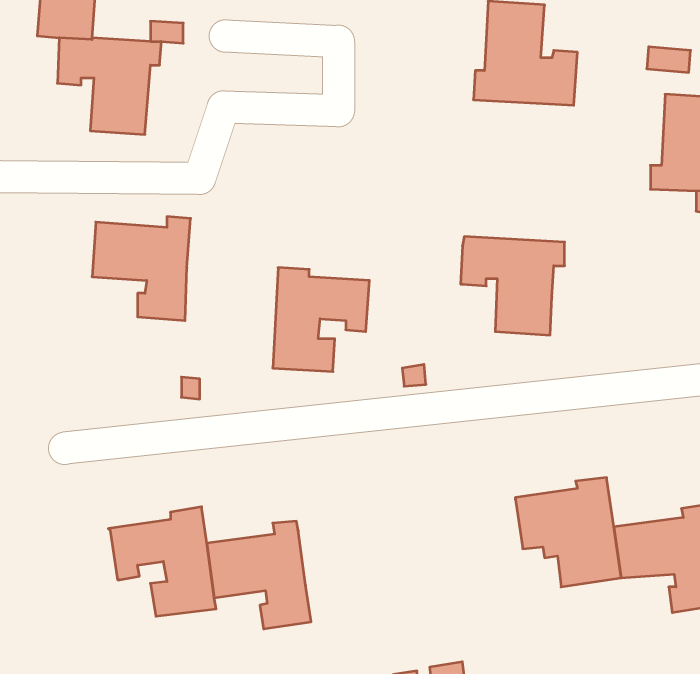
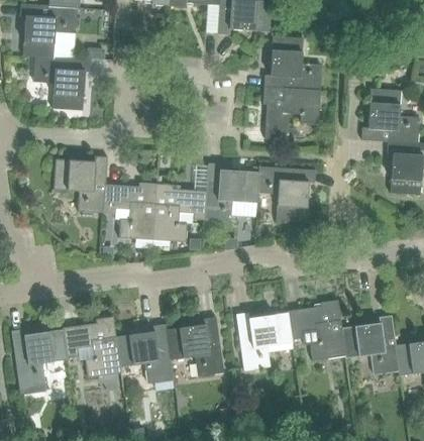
building: none -> [263,91,320,140]
building: none -> [205,163,258,221]
building: none -> [105,183,156,239]
building: none -> [236,312,292,369]
building: none -> [168,317,225,376]
building: none -> [12,329,69,394]

